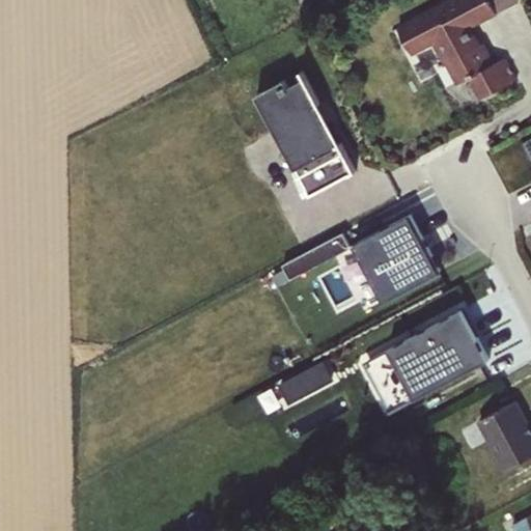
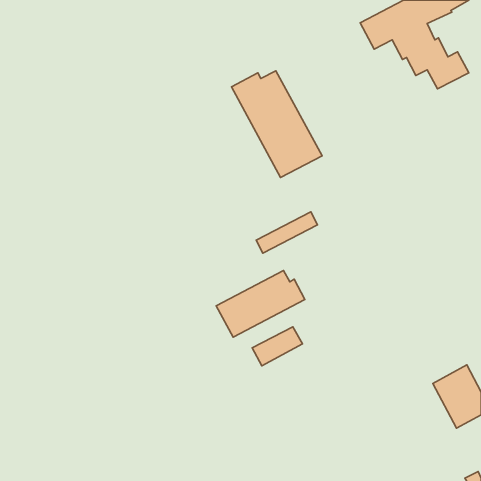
building: [354,217,438,302] -> none
building: none -> [216,271,305,337]
building: [362,311,487,414] -> none

